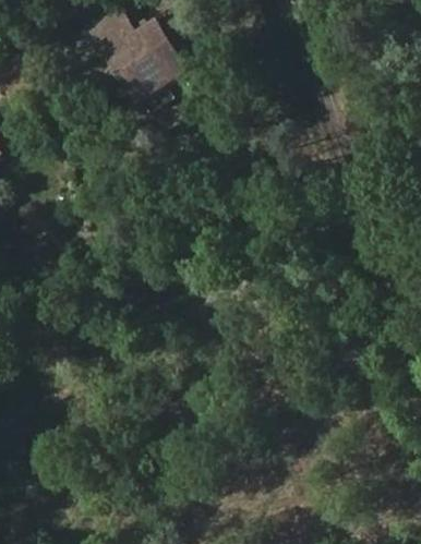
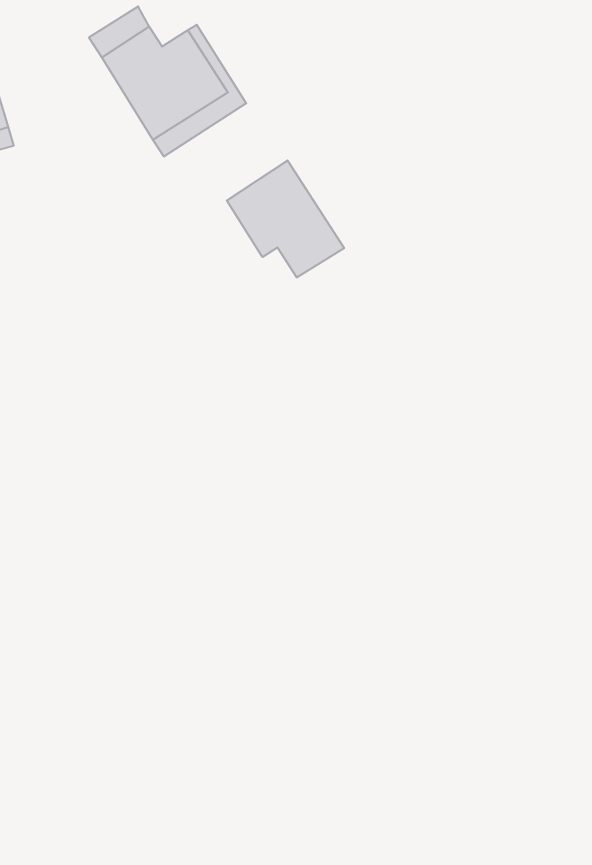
building: none -> [227,160,344,278]

